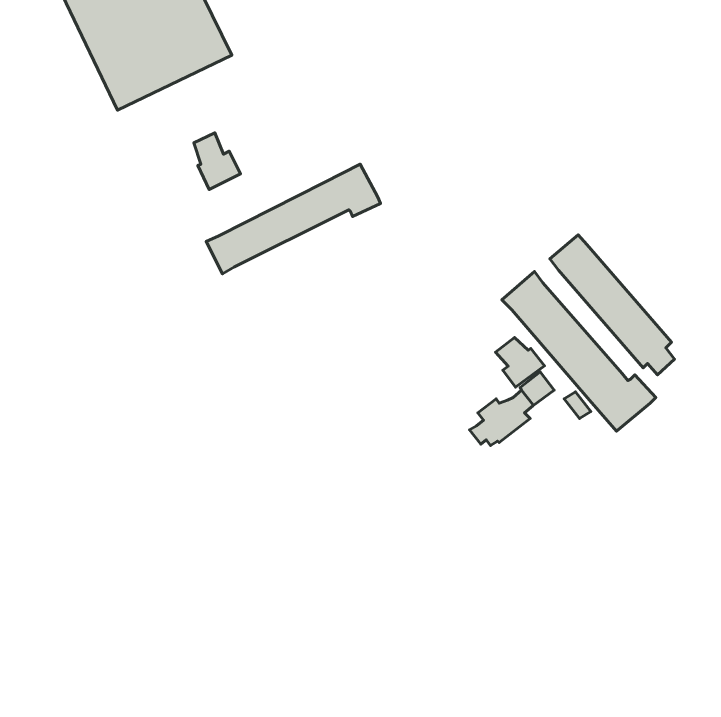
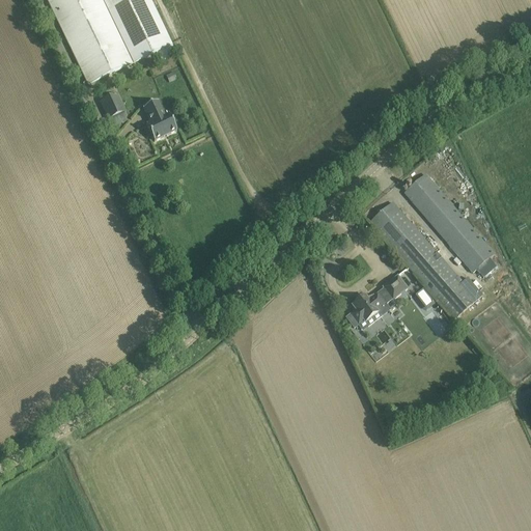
building: none -> [99,90,124,116]
building: [206,164,380,274] -> none
building: [495,337,544,387] -> none

